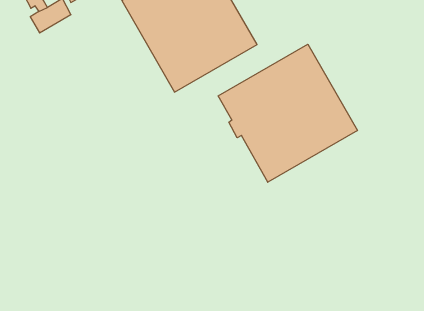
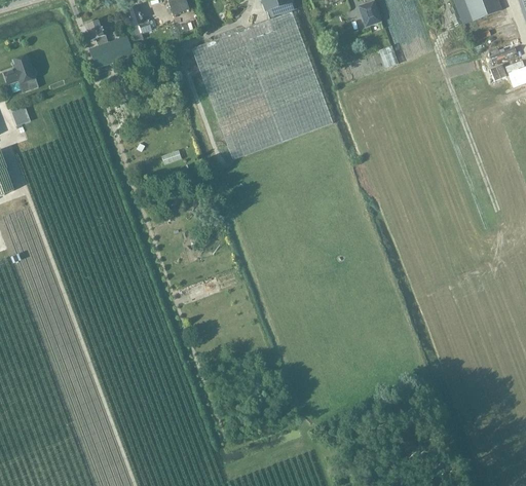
building: [218,44,357,182] -> none

